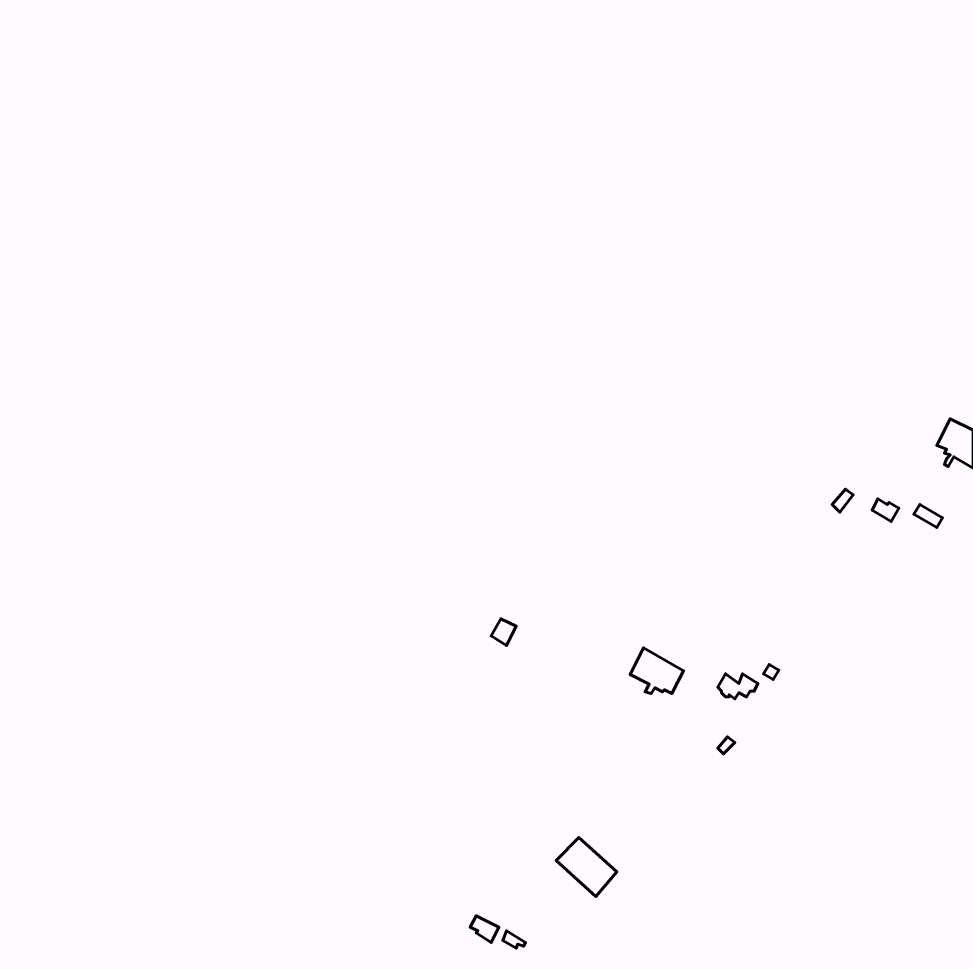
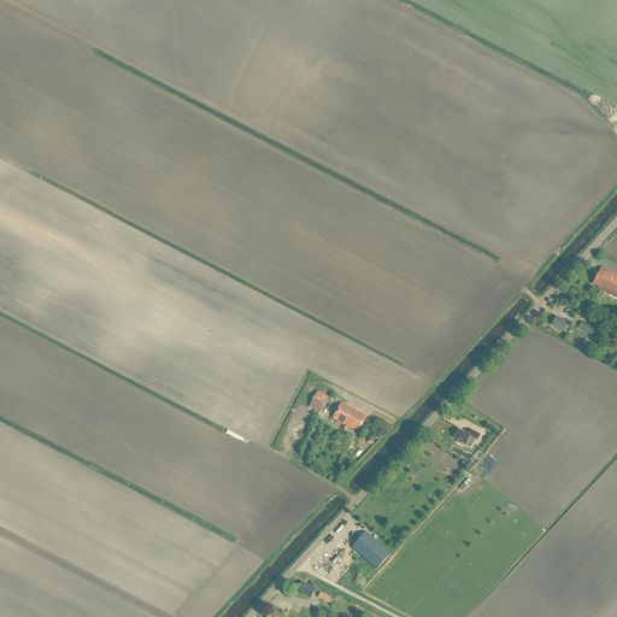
building: [630,648,683,694] -> [333,400,366,429]

